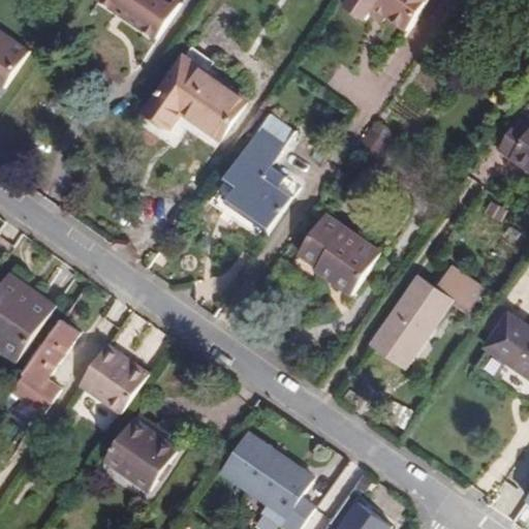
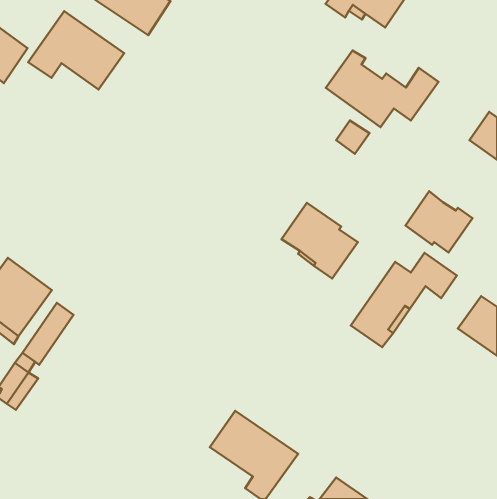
building: none -> [326,50,438,127]
building: [144,56,245,138] -> [28,11,124,90]
building: [223,113,298,228] -> none
building: none -> [405,191,472,252]
building: [77,346,149,413] -> none
building: [103,418,177,490] -> none

